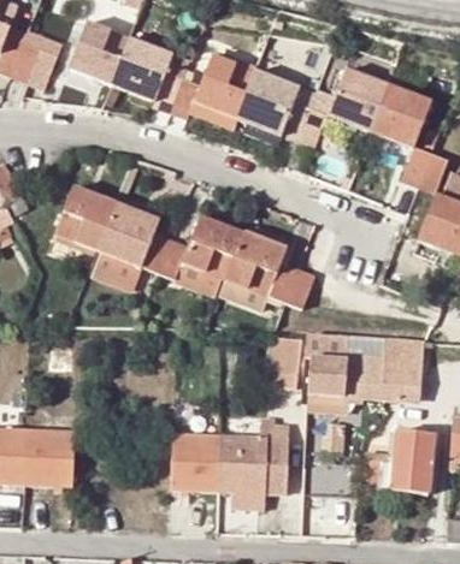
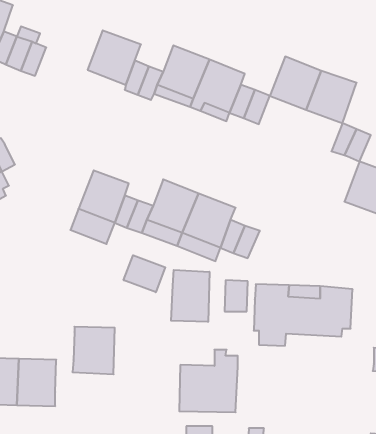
building: [70,22,128,84] -> none
building: [57,188,117,250] -> none
building: none -> [124,255,165,292]
building: none -> [171,270,209,322]
building: [366,432,434,493] -> none
building: [170,435,220,492] -> [72,327,115,374]

